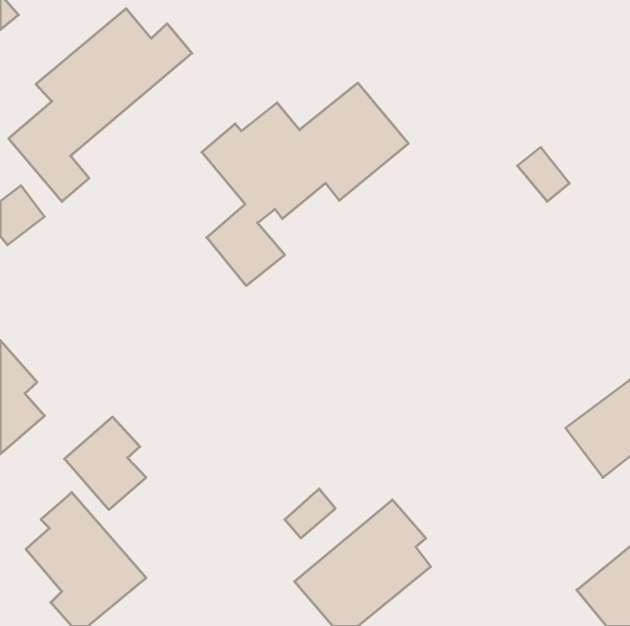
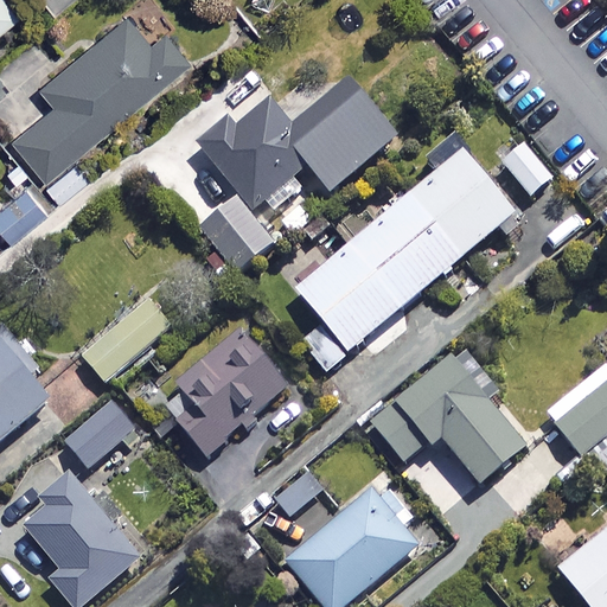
building: none -> [295,147,515,366]
building: none -> [81,295,172,382]
building: none -> [178,330,288,454]
building: none -> [372,353,526,481]

